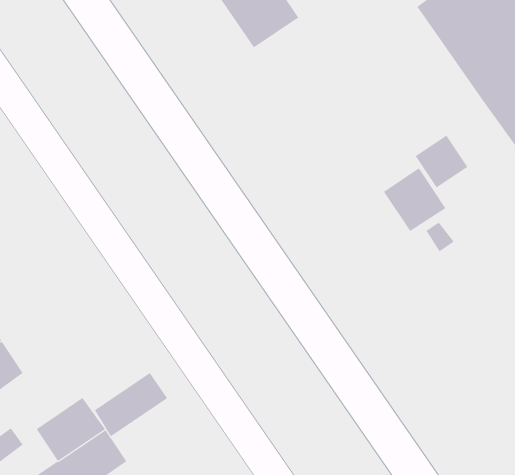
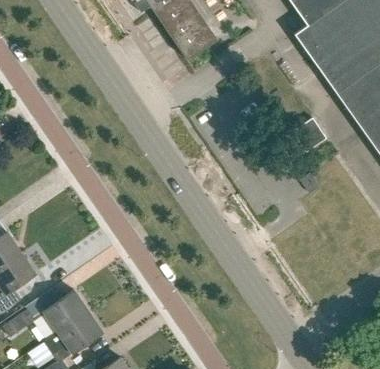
building: [383,168,446,232] -> none
building: [94,372,167,437] -> none

